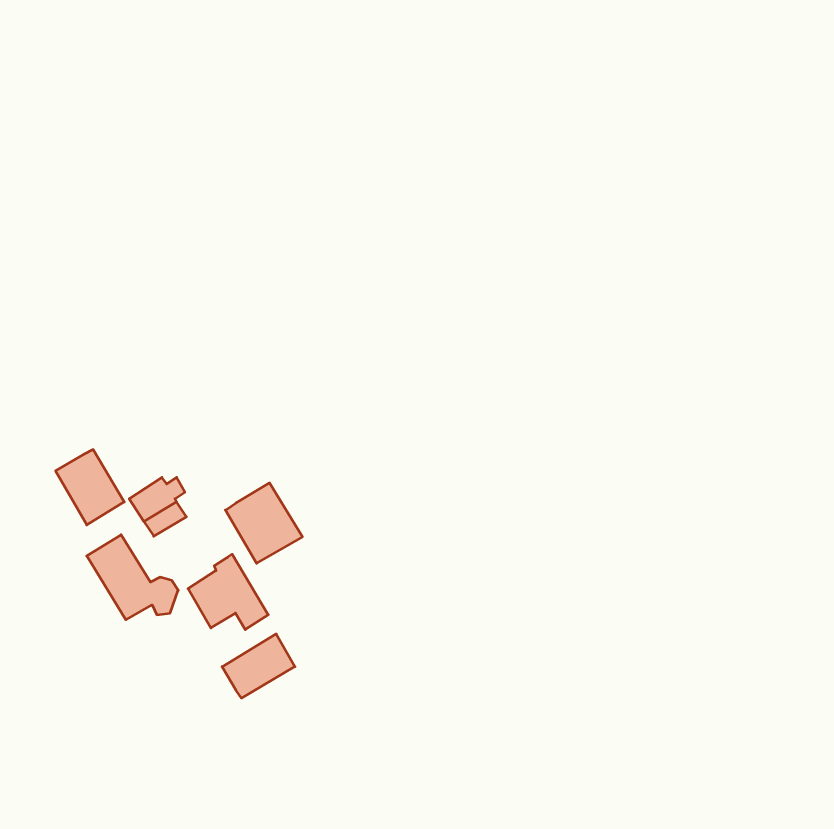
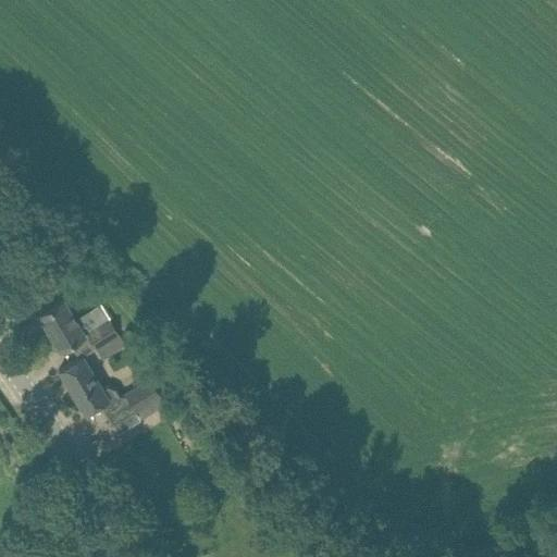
building: [225,483,302,563] -> none
building: [222,634,295,698] -> none

